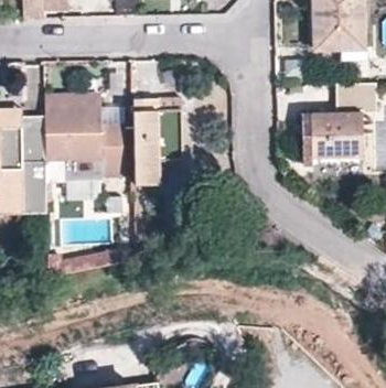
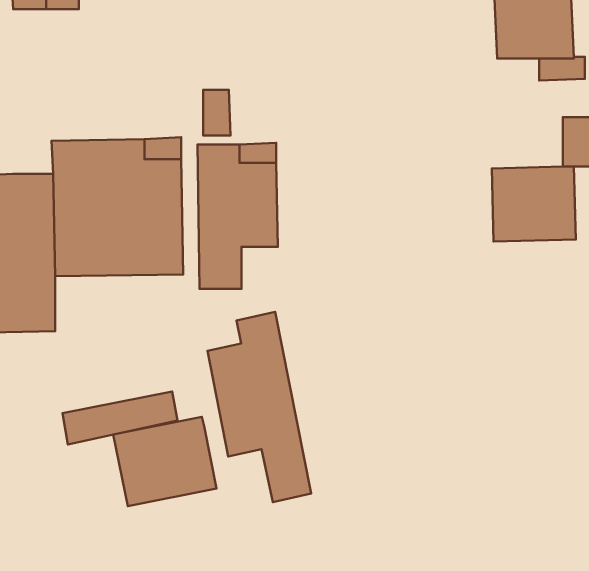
building: none -> [208,312,311,502]
building: none -> [113,417,217,506]

